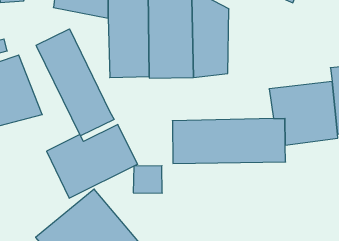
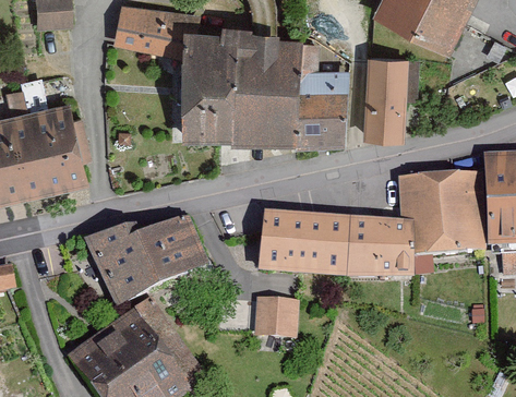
building: none -> [362,59,408,144]
building: [36,29,114,136] -> none
building: [133,166,162,193] -> [252,305,293,345]

